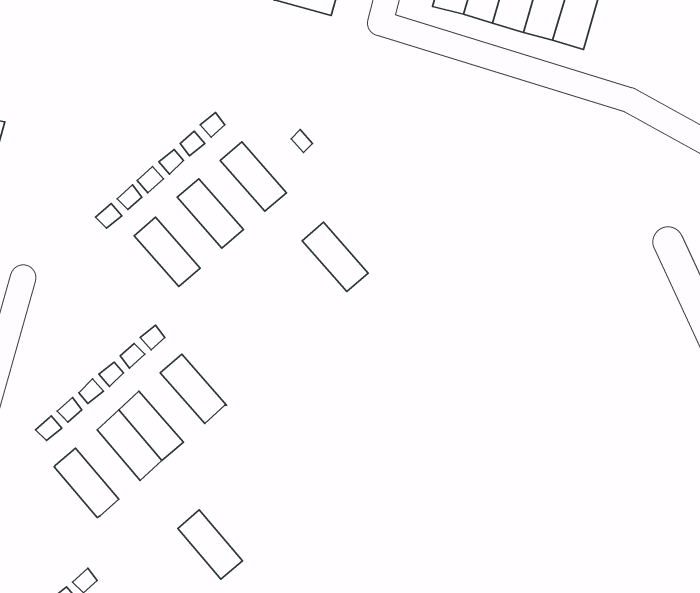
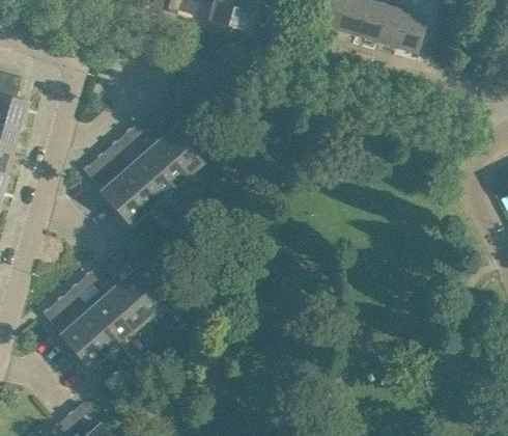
building: none -> [128,153,172,200]
building: [302,222,368,291] -> [157,128,201,174]
building: none -> [98,179,143,225]
building: none -> [116,271,161,318]
building: [178,510,242,579] -> [74,309,117,356]

